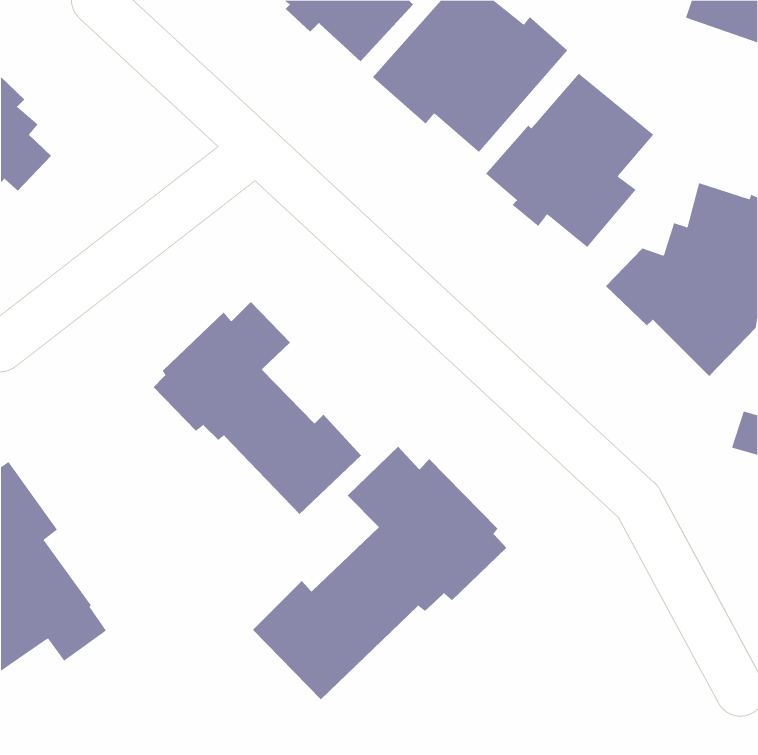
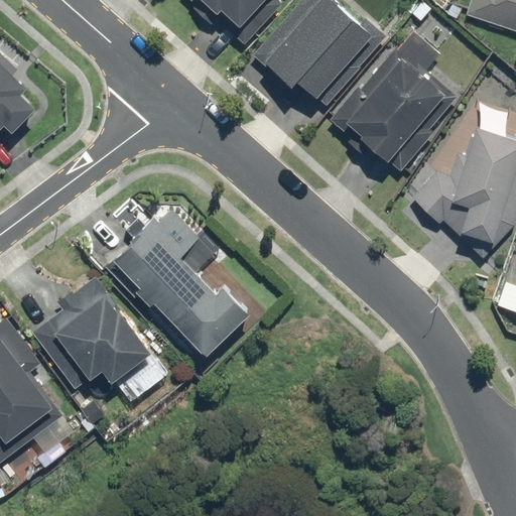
building: none -> [32,275,167,401]
building: [252,446,507,700] -> none

